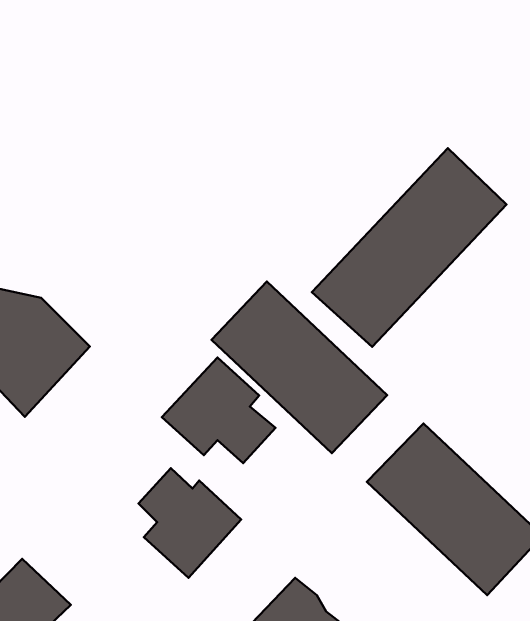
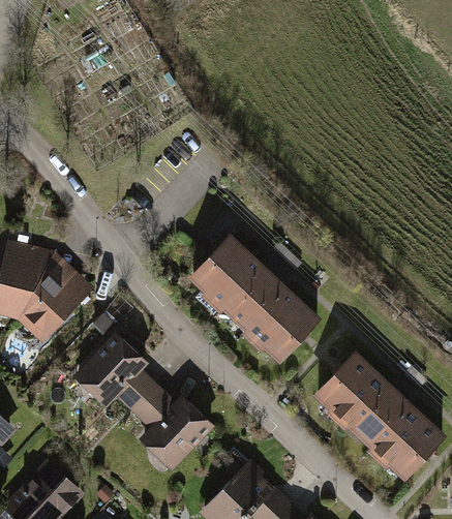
building: [312,148,507,347] -> none
building: [162,358,276,463] -> [71,330,158,410]

